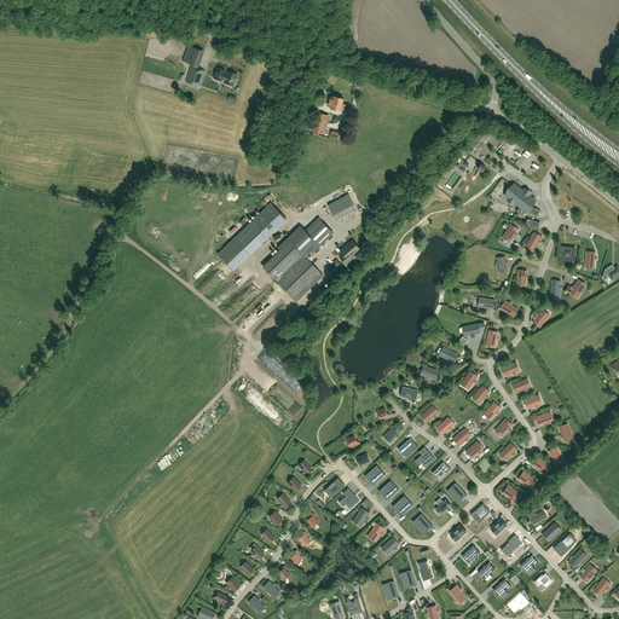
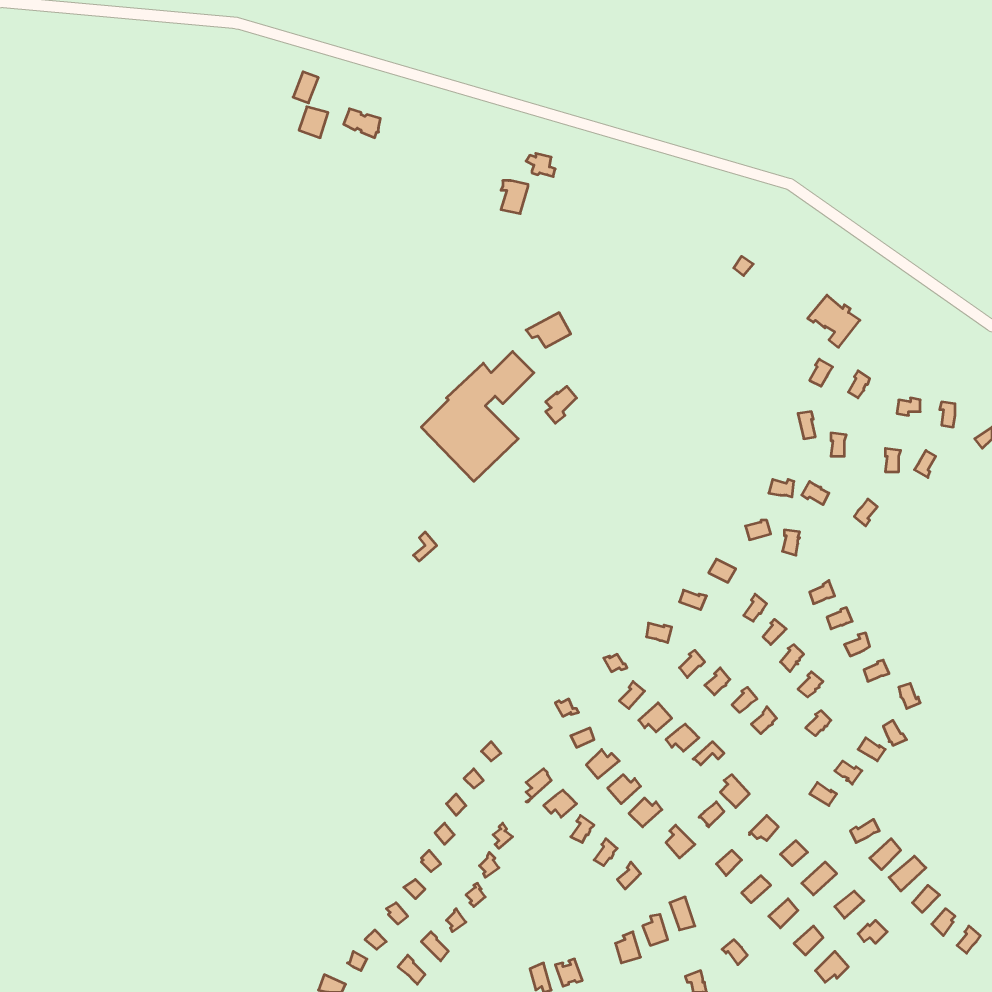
building: [219,203,287,266] -> none

